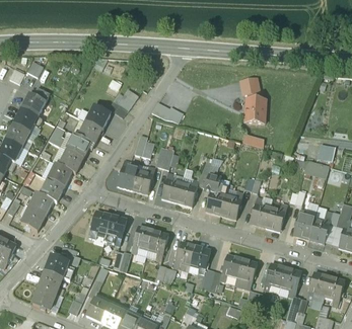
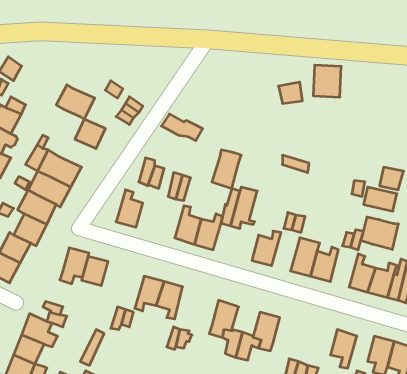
building: [244,98,266,122] -> [313,65,341,97]
building: [72,118,101,145] -> [56,85,95,119]
building: [132,165,154,192] -> none
building: none -> [361,217,398,250]
building: [205,184,227,214] -> [212,150,241,189]
building: [103,215,126,242] -> [60,248,89,284]
building: [174,240,195,269] -> none
building: [234,257,257,285] -> none
building: [263,262,285,292] -> none

